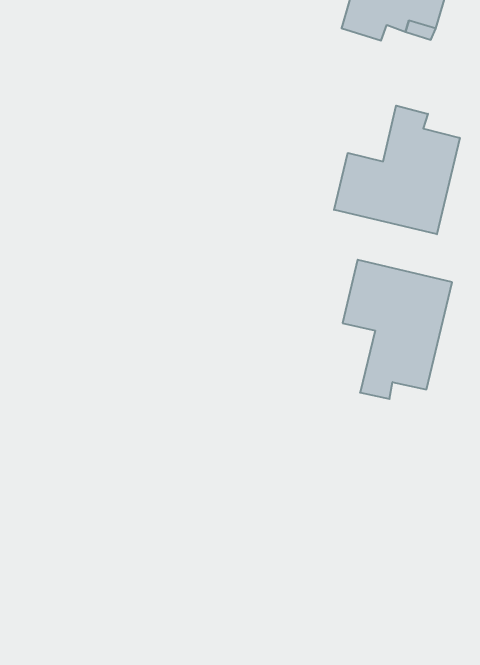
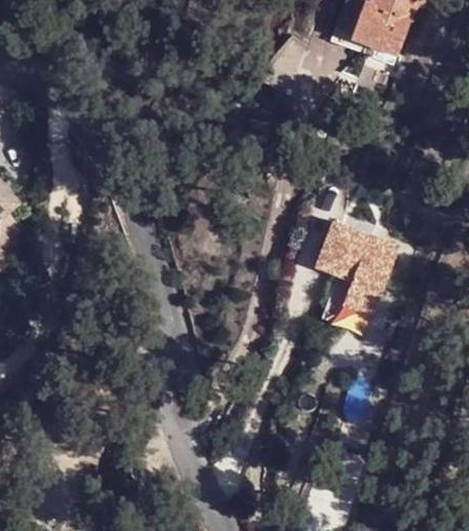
building: [334,106,460,234] -> none

